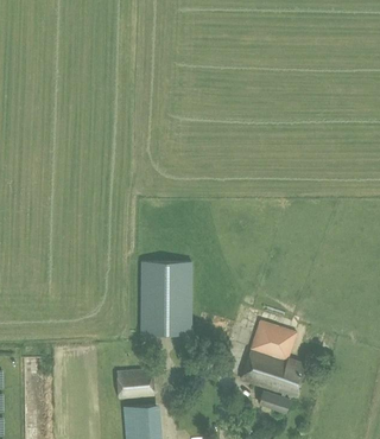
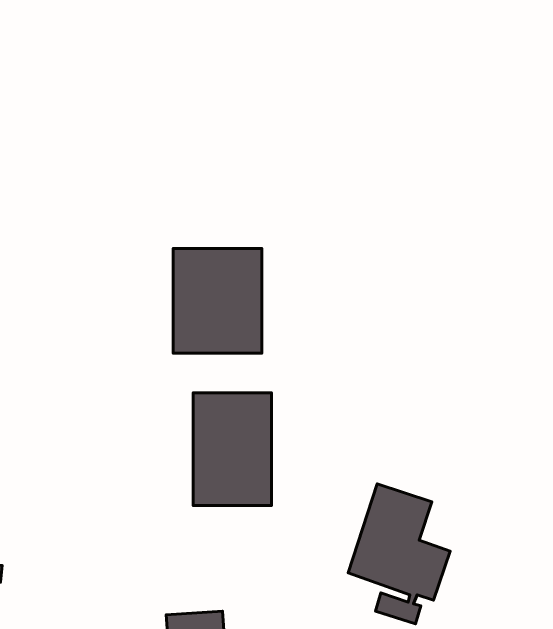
building: none -> [173,248,262,353]
building: [116,368,154,399] -> none

